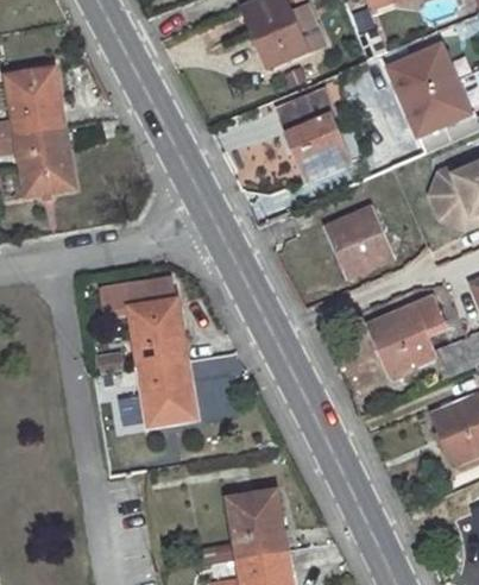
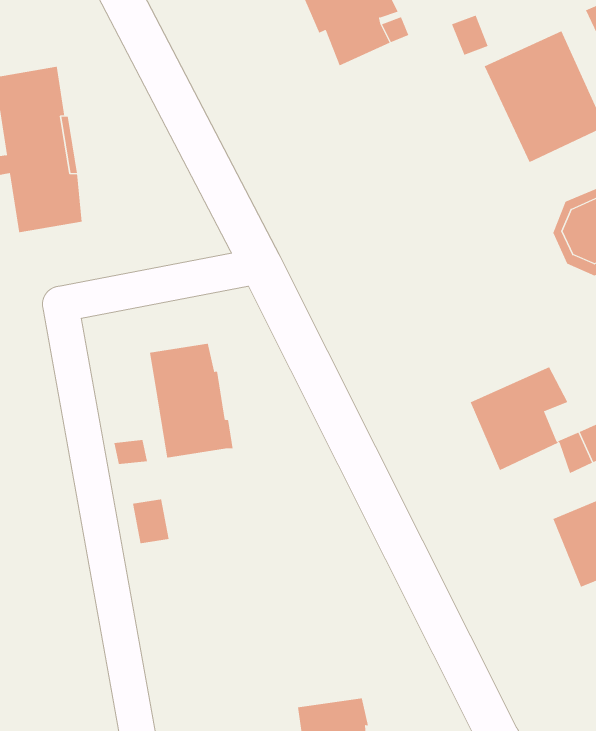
building: [277,88,351,180] -> none
building: [327,208,391,276] -> none
building: [138,359,197,427] -> none
building: [228,490,288,556] -> none

